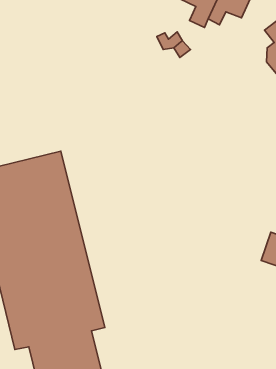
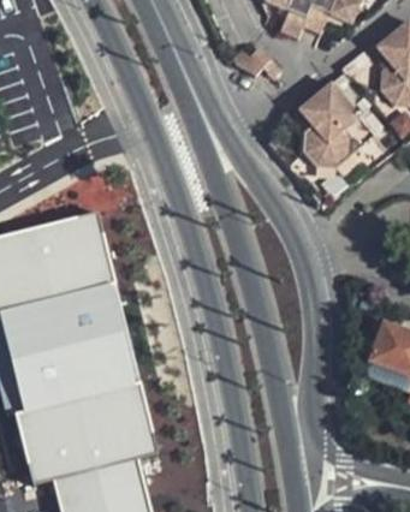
building: none -> [299,88,374,172]

